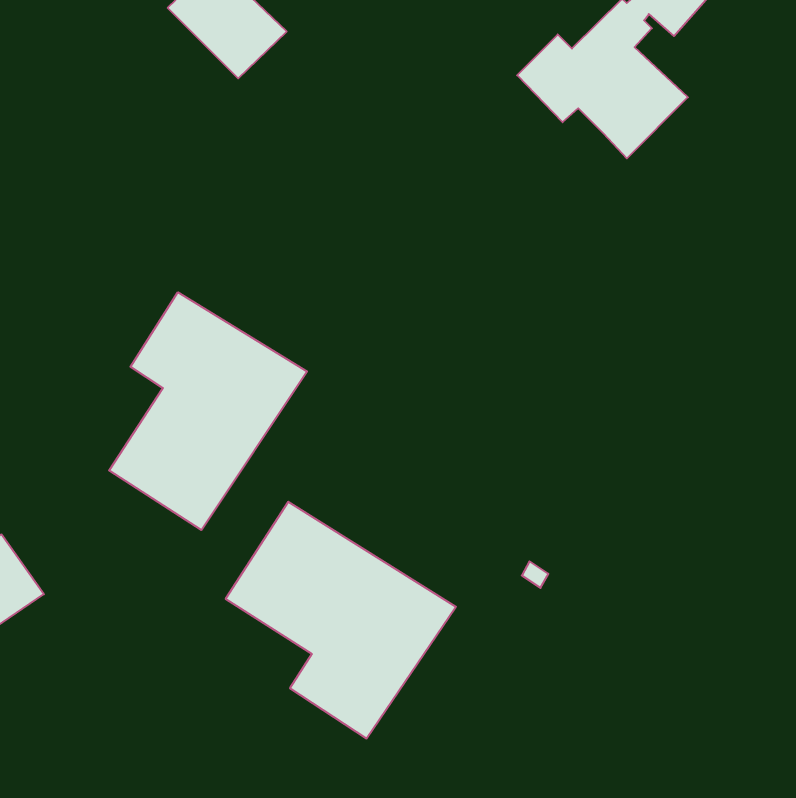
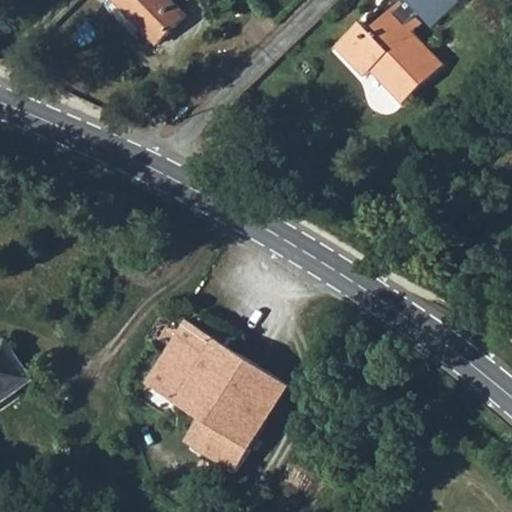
building: [109,292,307,530] -> none

